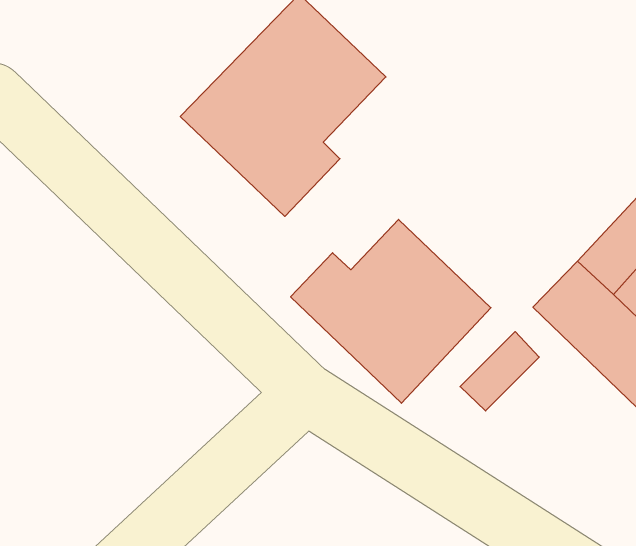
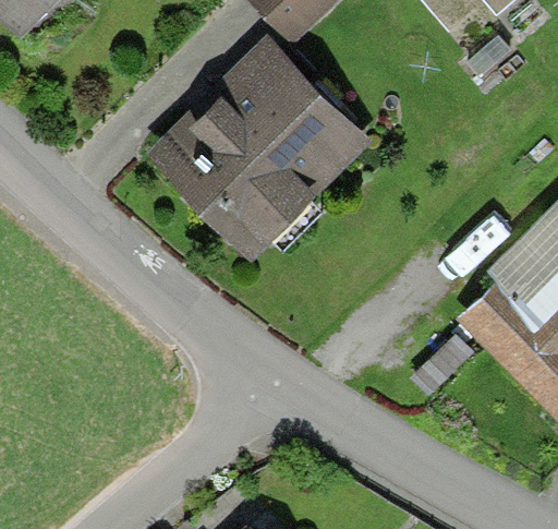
building: [291,219,491,403] -> none

